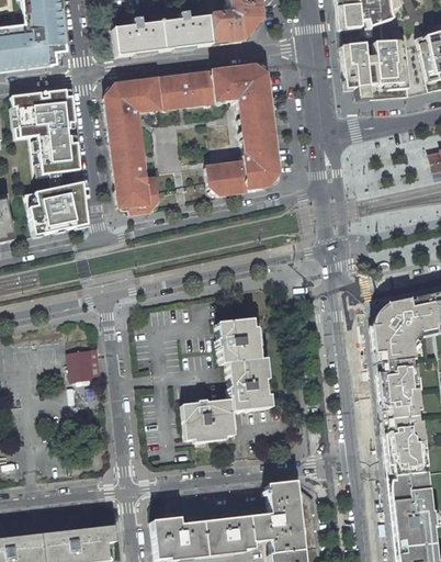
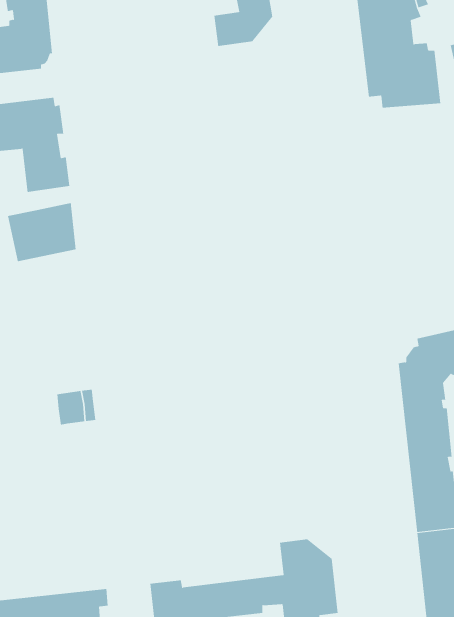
building: [114,12,212,56] -> none
building: [105,66,278,213] -> none
building: [182,319,268,439] -> none

